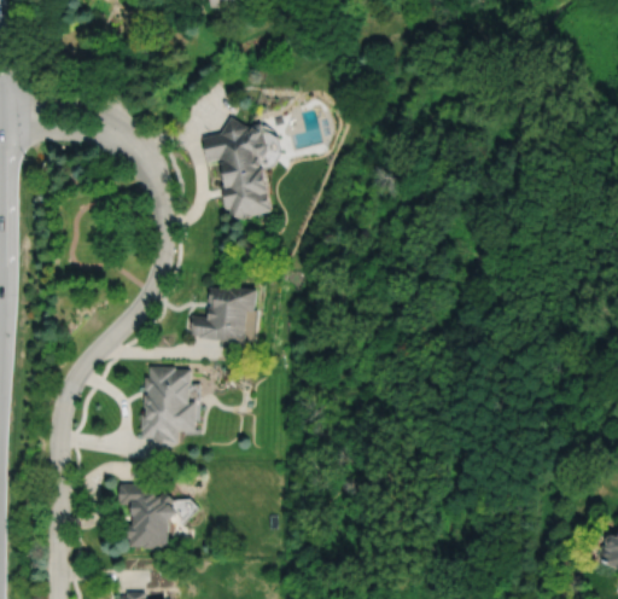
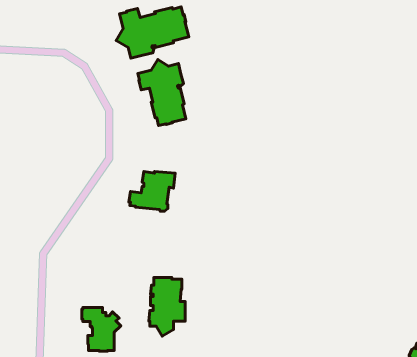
building: none -> [116,7,189,58]
building: [142,367,196,453] -> [149,278,185,336]

